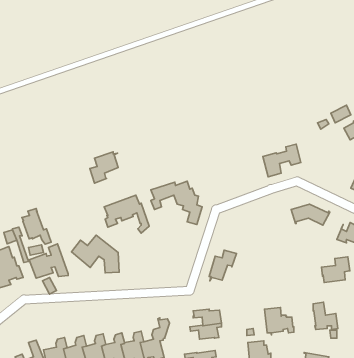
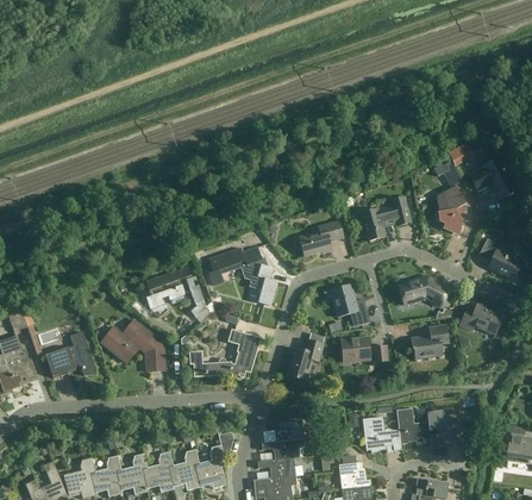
building: none -> [436,185,465,232]
building: [90,152,118,183] -> none
building: none -> [299,220,343,256]
building: [22,208,51,244] -> none
building: none -> [324,285,370,326]
building: none -> [188,330,259,379]
building: none -> [342,338,387,361]
building: [321,257,350,282] -> [411,324,449,358]
building: none -> [396,408,431,443]
building: none -> [257,457,302,479]

